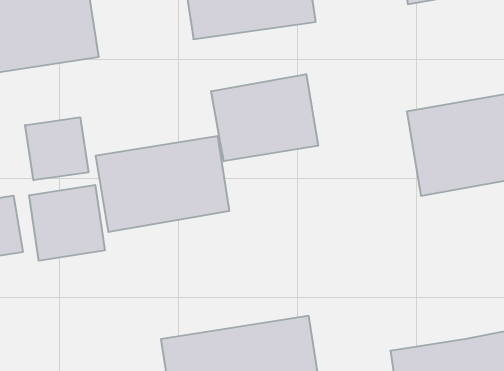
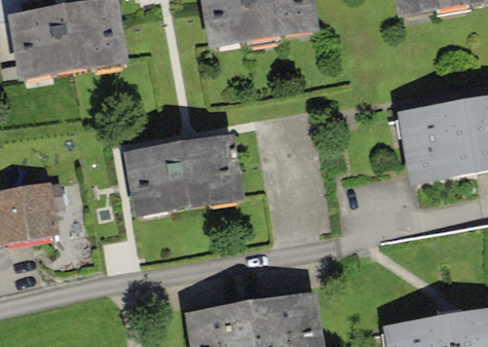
building: [211,74,318,161] -> none
building: [25,117,88,180] -> none
building: [29,185,105,261] -> none

